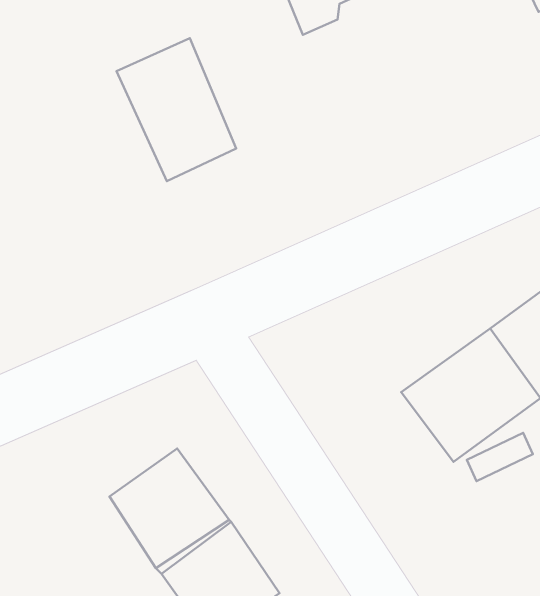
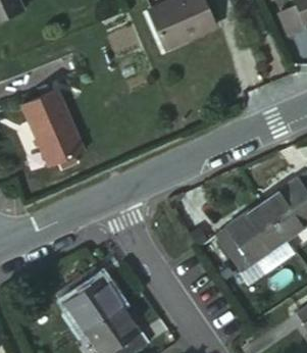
building: [116,38,236,181] -> [15,92,79,167]

